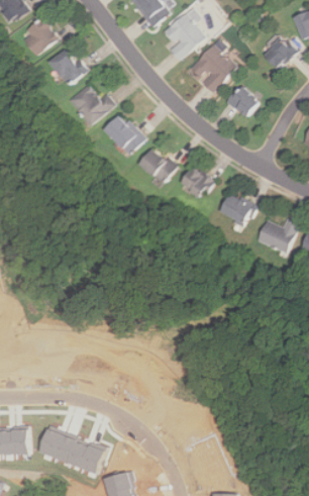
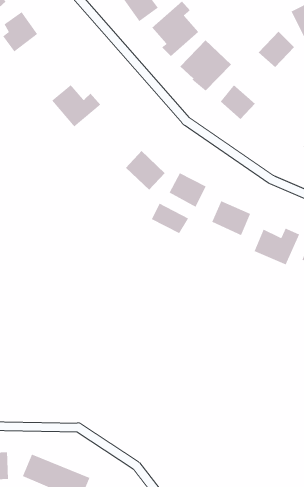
building: [47,47,85,86] -> none
building: [102,112,144,156] -> none
building: none -> [151,203,189,234]

